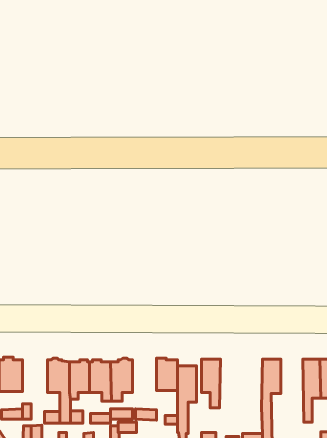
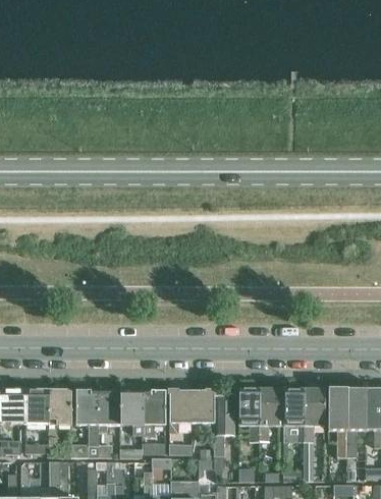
building: none -> [49,387,71,424]
building: none -> [169,388,192,432]
building: none -> [259,389,279,441]
building: none -> [283,389,305,441]
building: none -> [328,389,348,456]

